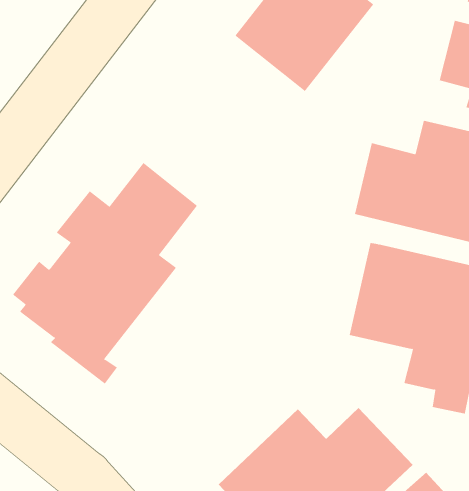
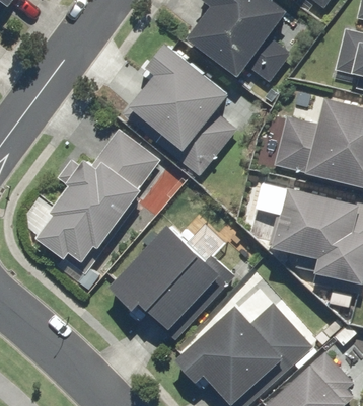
building: none -> [120,46,238,175]
building: none -> [107,225,217,342]

